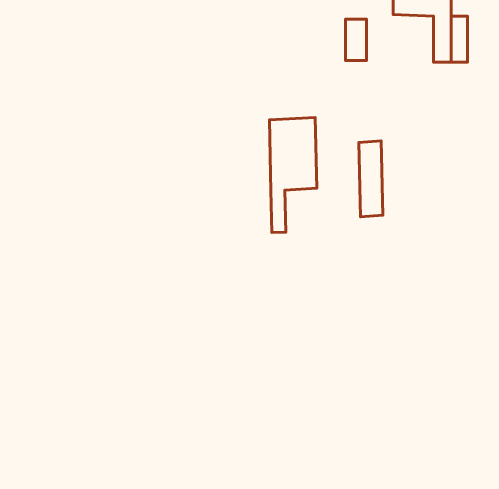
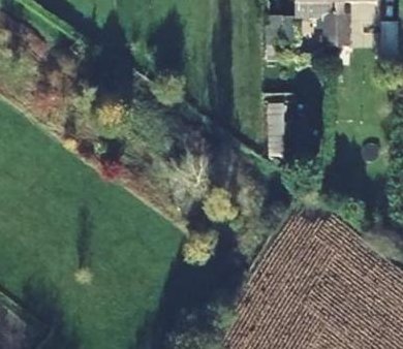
building: [269,118,317,232] -> none

